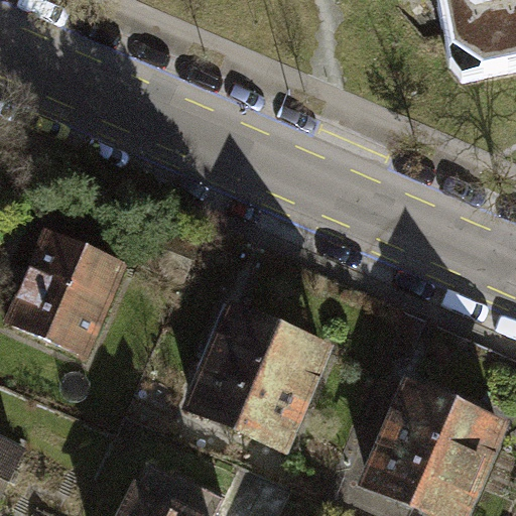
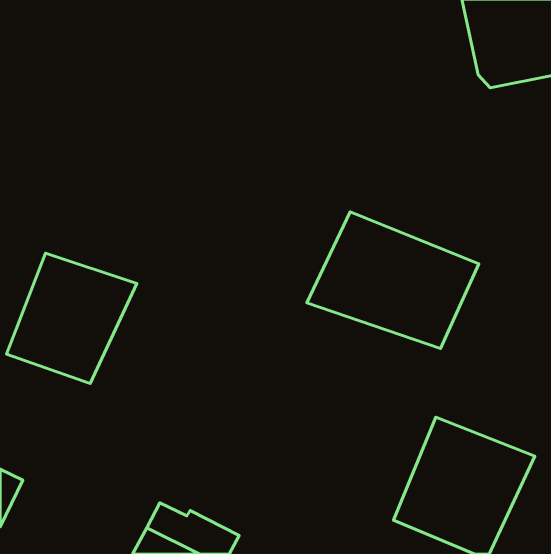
building: none -> [307,212,479,348]
building: [200,314,320,442] -> none

